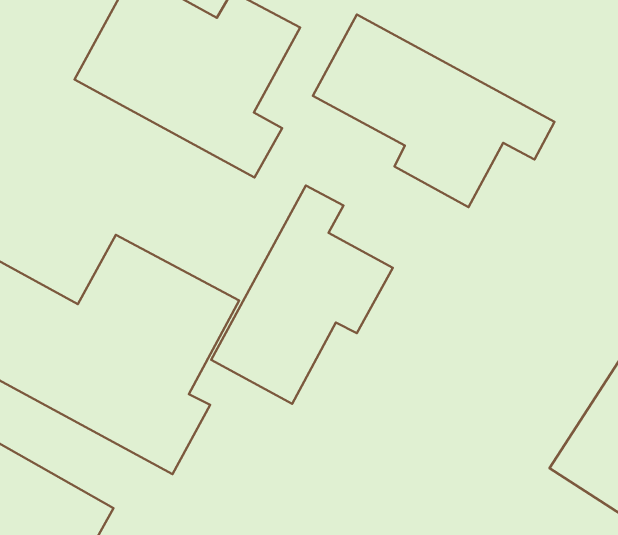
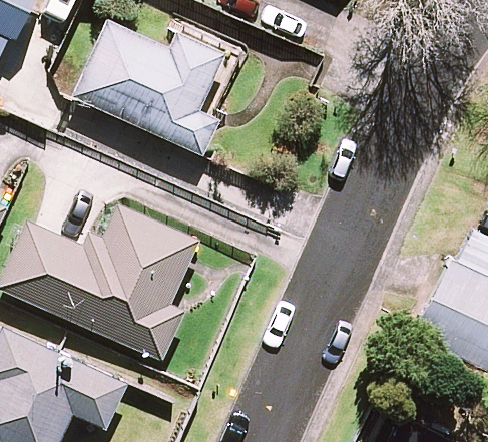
building: [313,14,554,207] -> none
building: [211,186,393,404] -> none

